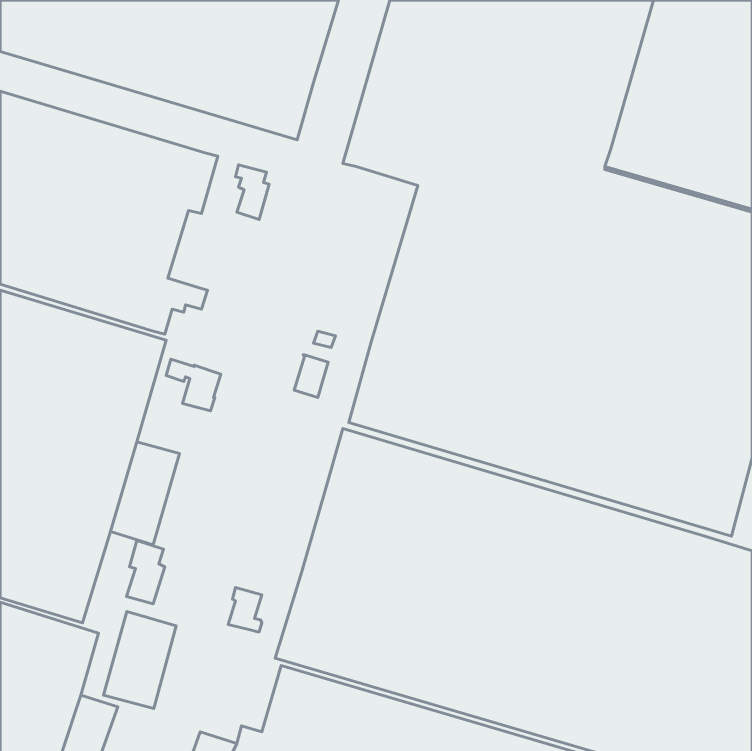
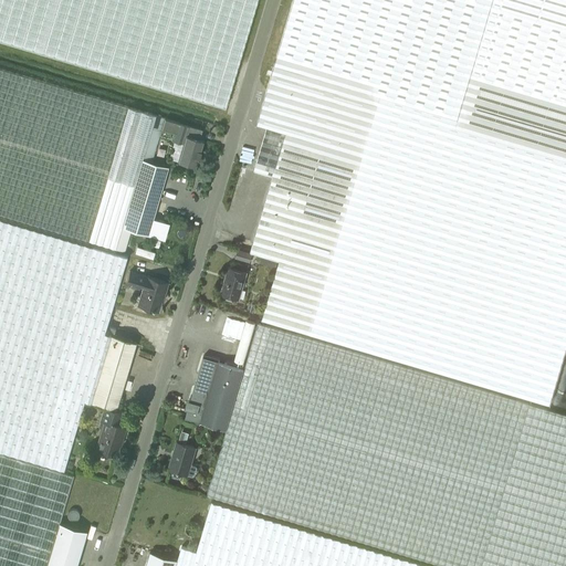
building: none -> [252,126,314,259]
building: none -> [126,159,167,218]
building: none -> [185,356,244,430]
building: [104,612,176,708] -> none

